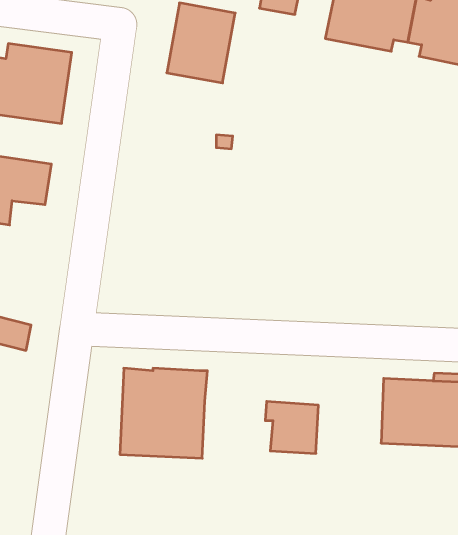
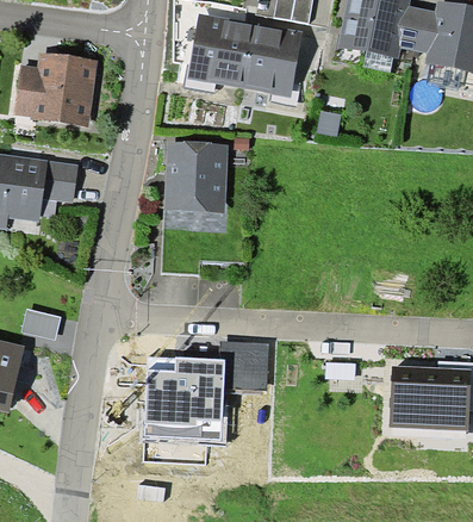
building: none -> [239,23,301,98]
building: none -> [163,141,228,212]
building: [265,401,318,453] -> [218,341,268,390]

